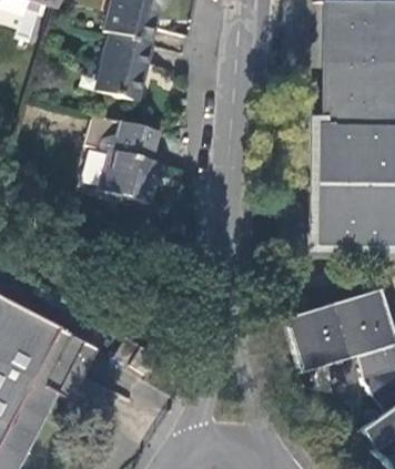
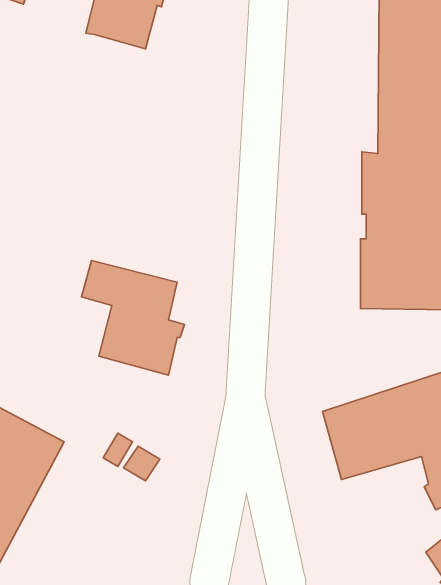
building: [93,32,153,102] -> none
building: [83,115,162,203] -> [81,261,185,375]

